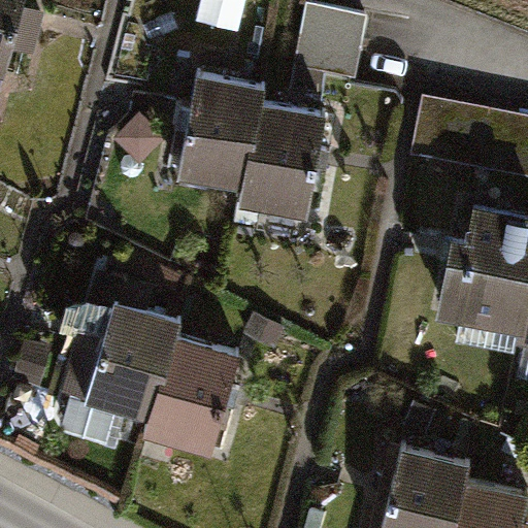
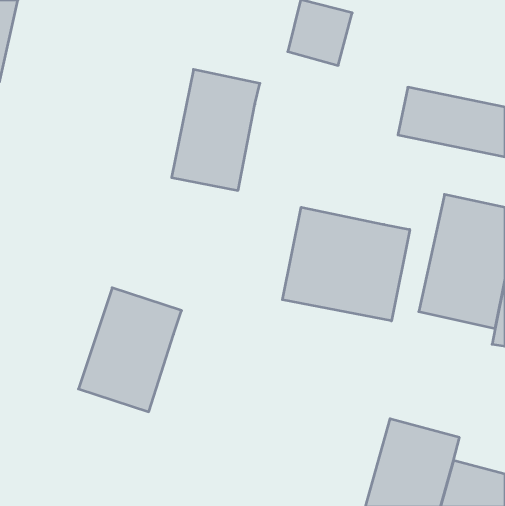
building: [243,109,328,228] -> none
building: none -> [282,207,410,321]
building: [148,349,240,465] -> none

